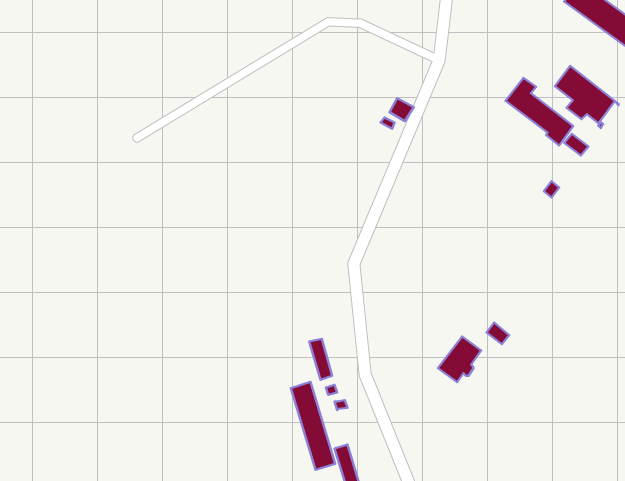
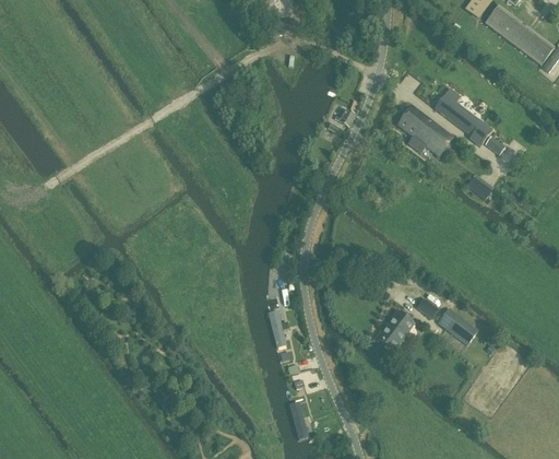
building: [555,66,619,128] -> [399,104,453,157]
building: none -> [439,307,478,343]
building: [291,382,335,470] -> none

